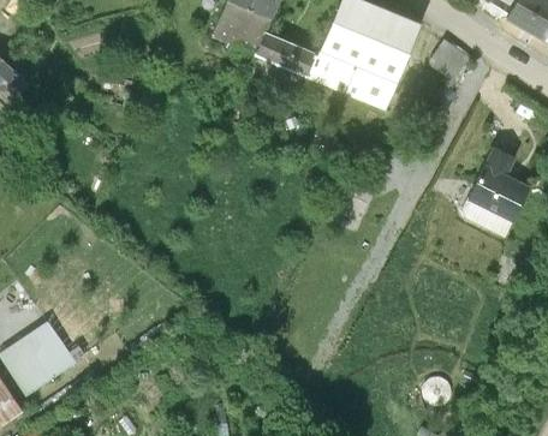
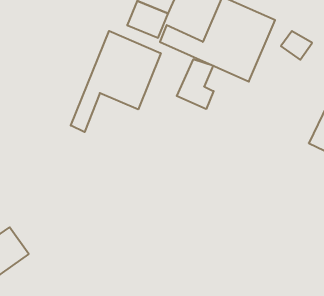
building: none -> [71,31,161,132]
building: none -> [177,59,214,109]

